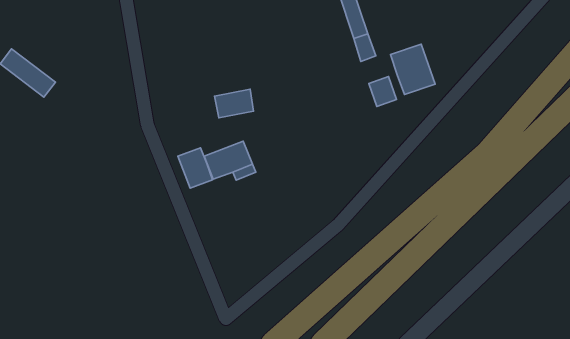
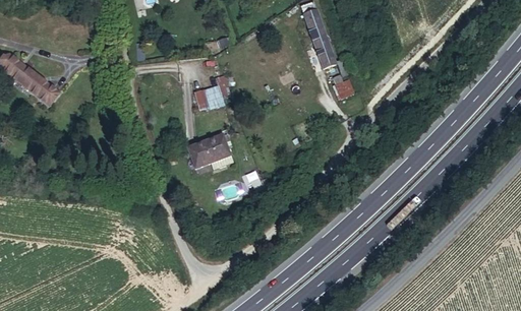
building: [391,44,435,95] -> none
building: [178,148,213,188] -> none

